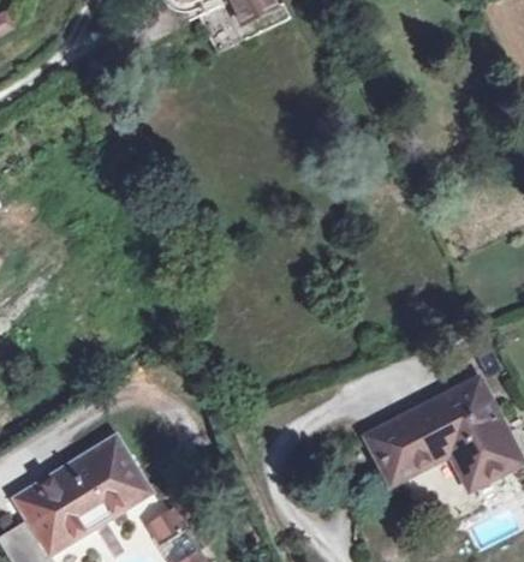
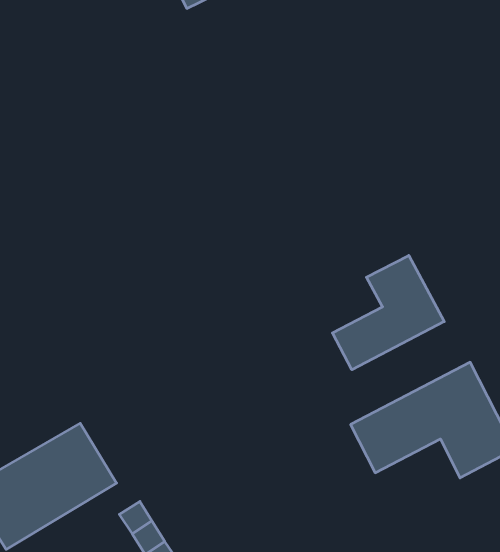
building: none -> [332,255,444,370]

